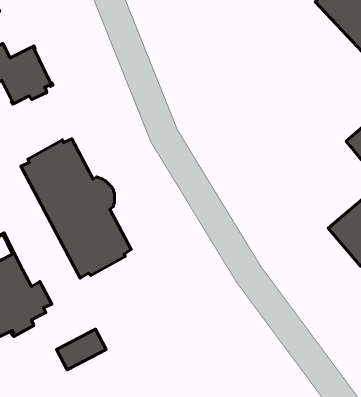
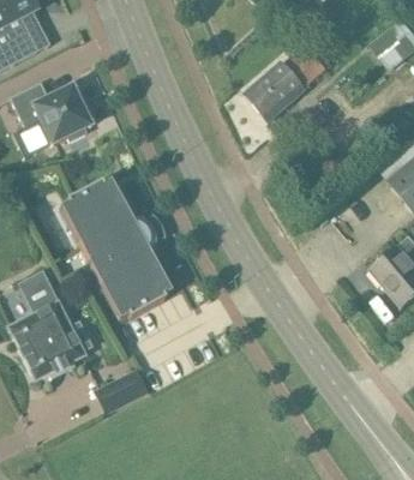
building: none -> [248,46,330,120]

